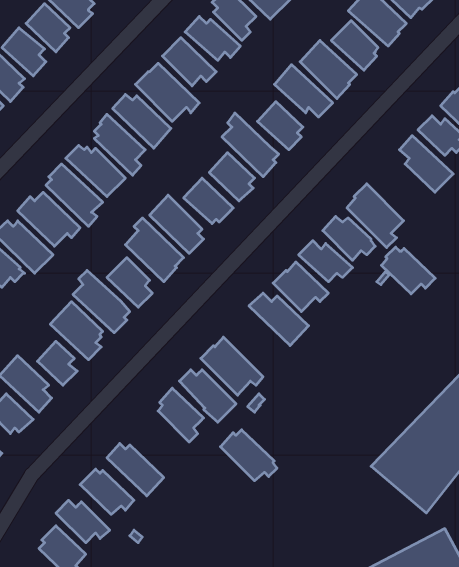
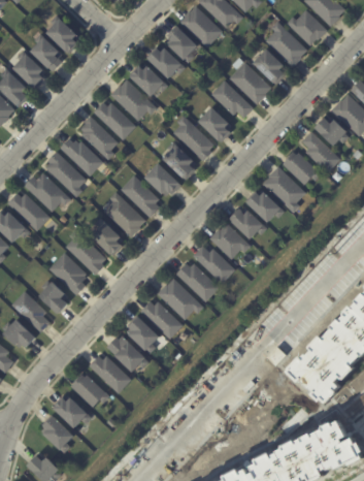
building: [381,247,435,294] -> [283,151,322,185]
building: none -> [176,263,220,301]
building: [220,430,277,481] -> [107,334,148,372]

